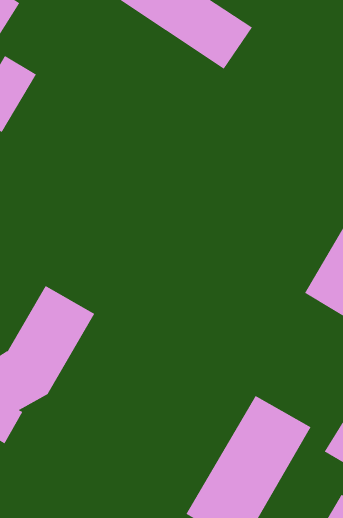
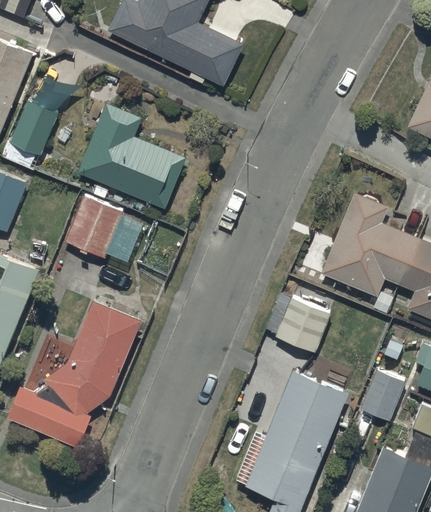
building: none -> [79,104,186,208]
building: none -> [66,196,144,261]
building: none -> [276,297,332,352]

